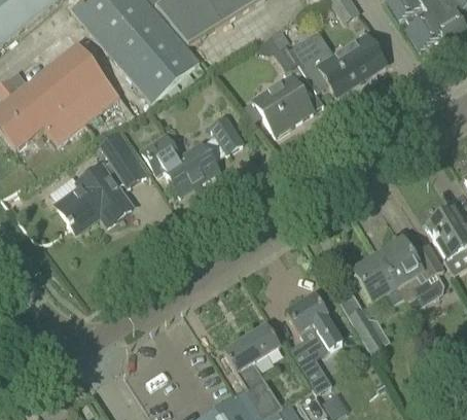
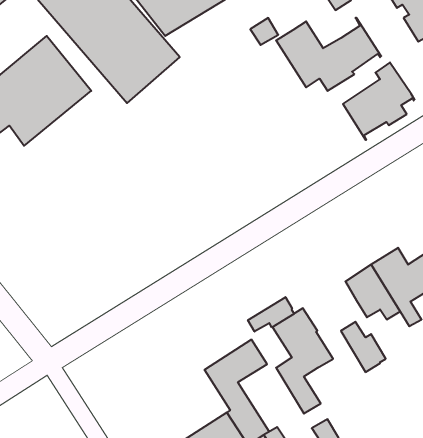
building: [254,62,320,133] -> [343,62,415,140]
building: [139,116,243,194] -> none
building: [57,130,146,230] -> none
building: none -> [248,297,294,332]

